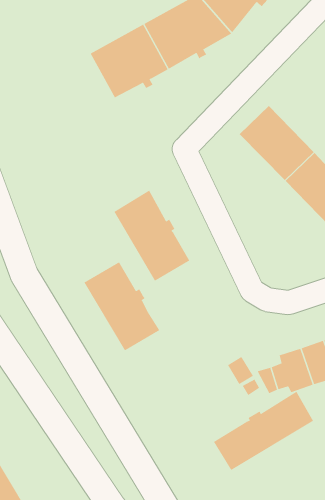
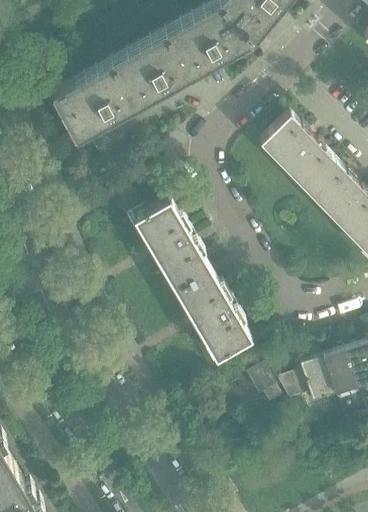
building: none -> [56,62,134,137]
building: [84,261,160,351] -> [174,270,251,360]
building: [213,391,314,471] -> none

